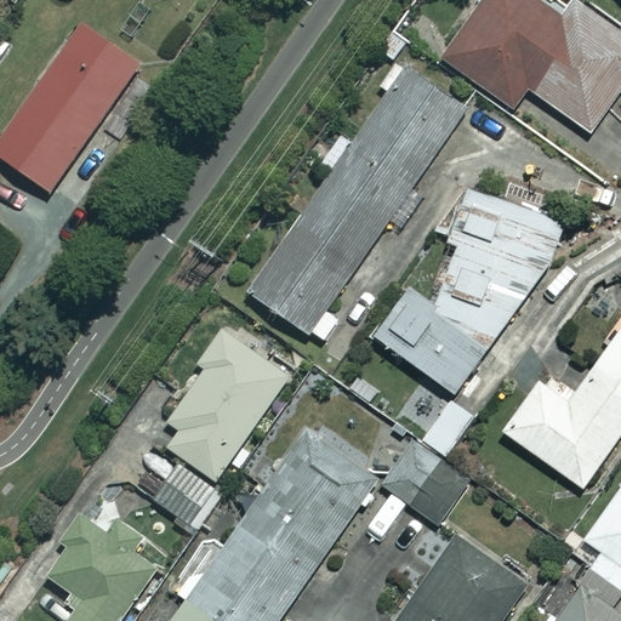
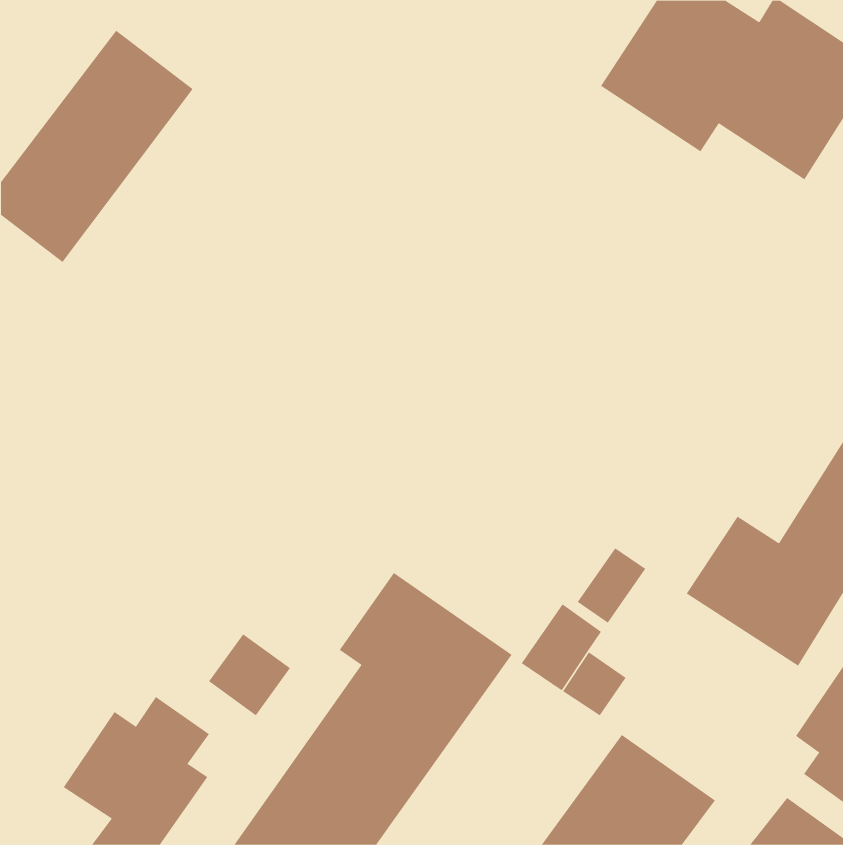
building: [247,65,467,344] -> none
building: [376,189,571,394] -> none
building: [150,329,289,480] -> none

